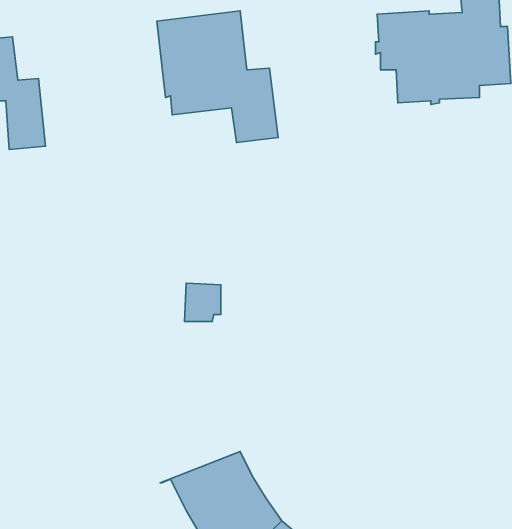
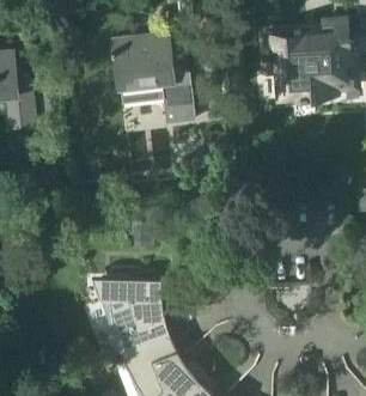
building: none -> [97,281,169,359]

